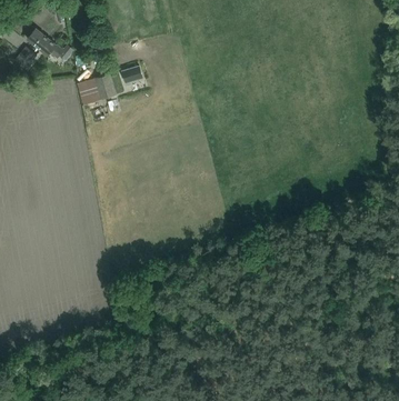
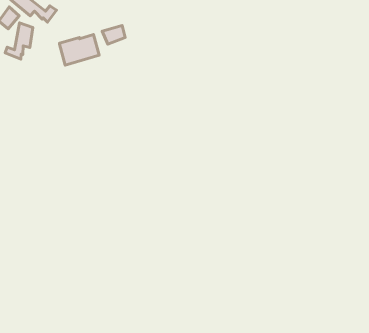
building: none -> [5,23,33,59]

